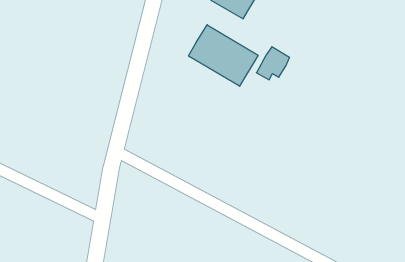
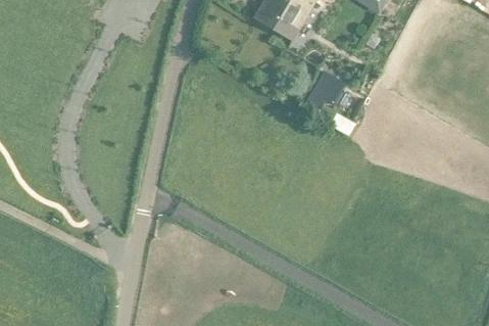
building: [189,25,258,86] -> none

